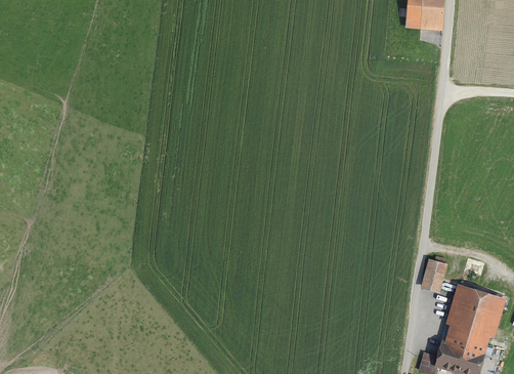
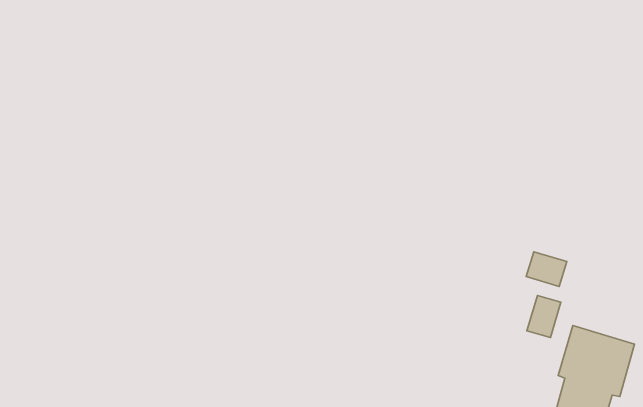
building: none -> [526,252,567,286]

